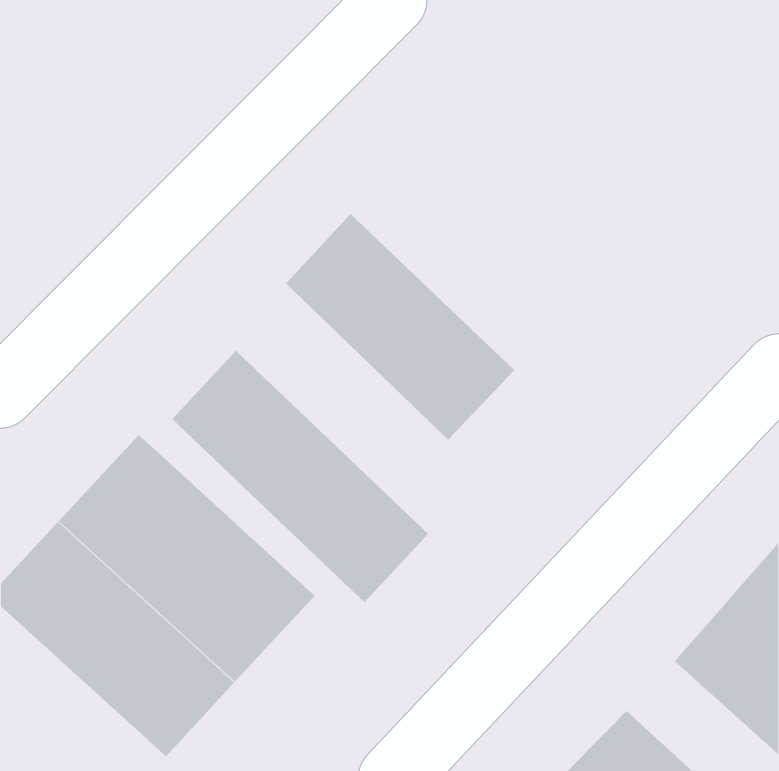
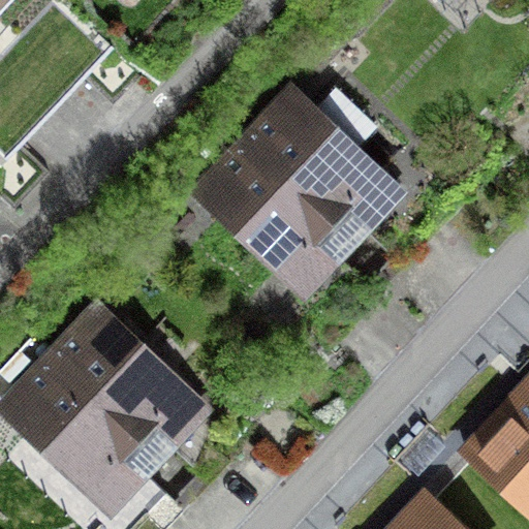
building: none -> [238,81,410,256]
building: [171,350,429,603] -> none

